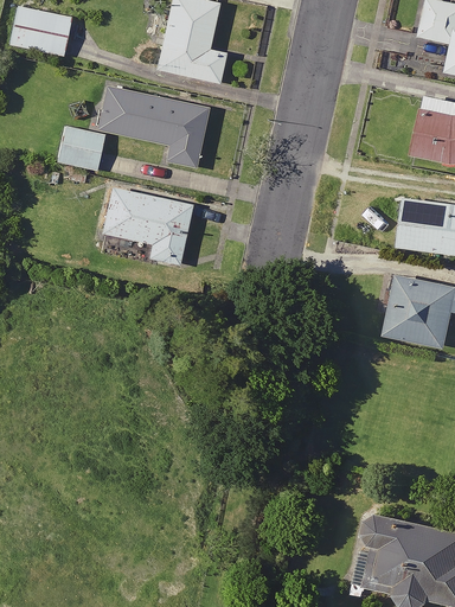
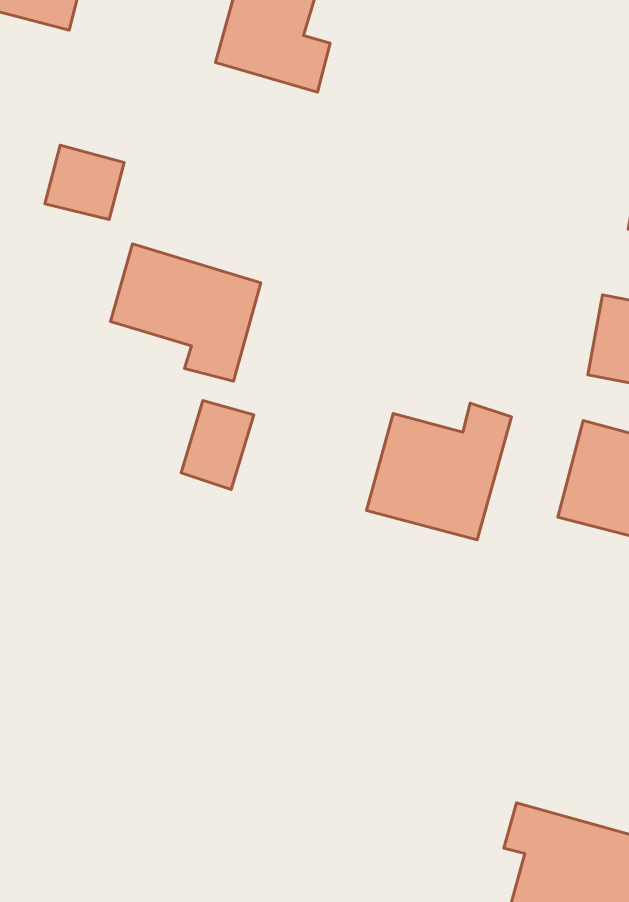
building: [96,83,209,167] -> none
building: none -> [366,403,512,540]
building: none -> [181,400,254,490]

